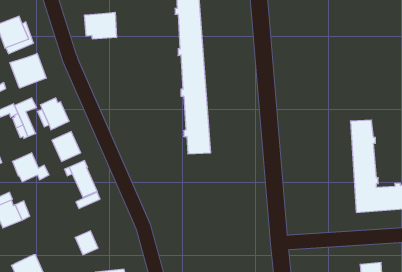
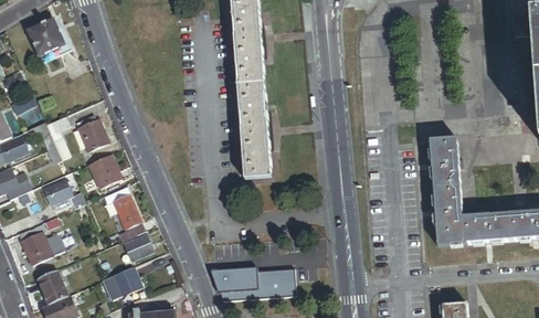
building: [85,12,116,39] -> none
building: [10,53,46,88] -> none
building: none -> [124,234,155,261]
building: none -> [212,268,295,301]
building: none -> [38,269,67,304]

